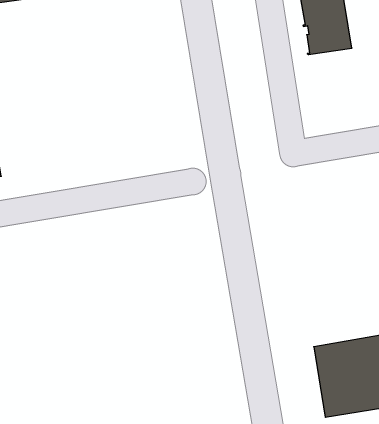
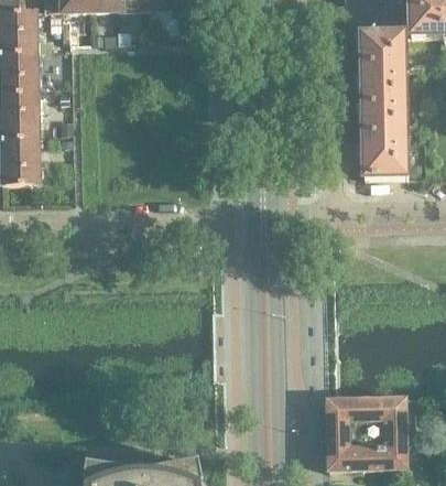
building: none -> [362,106,409,177]

